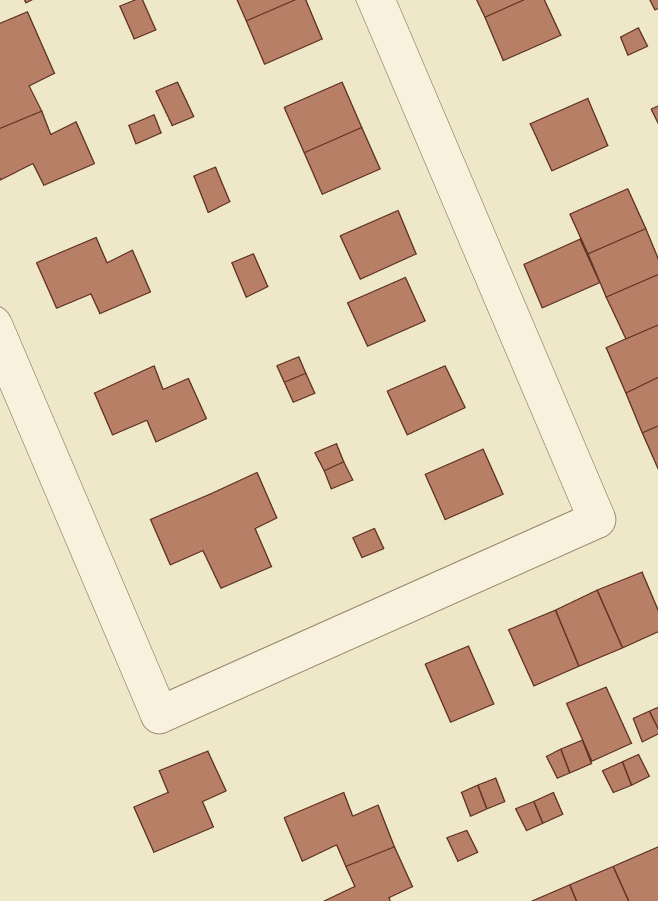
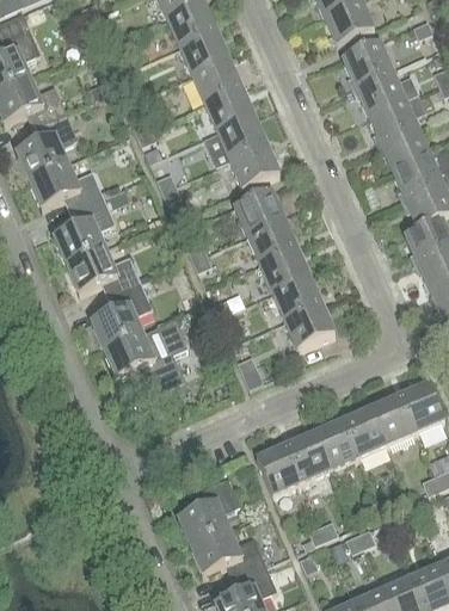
building: none -> [178,29,229,74]
building: none -> [342,39,392,85]
building: none -> [14,111,76,177]
building: none -> [216,115,266,159]
building: [524,239,600,308] -> [368,99,418,144]
building: none -> [51,196,113,263]
building: none -> [246,215,297,261]
building: none -> [272,272,322,316]
building: none -> [90,279,152,346]
building: none -> [256,442,301,493]
building: [567,687,632,761] -> [313,419,356,468]
building: [134,751,226,852] -> [178,476,239,543]

